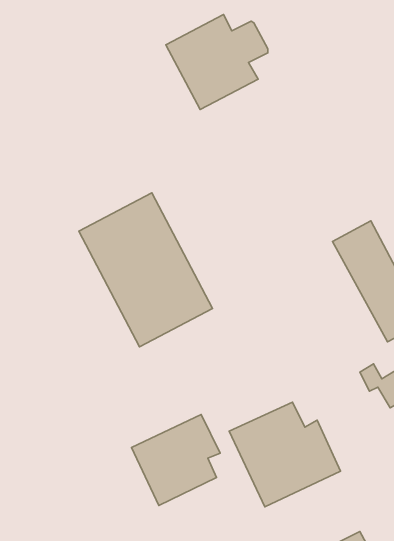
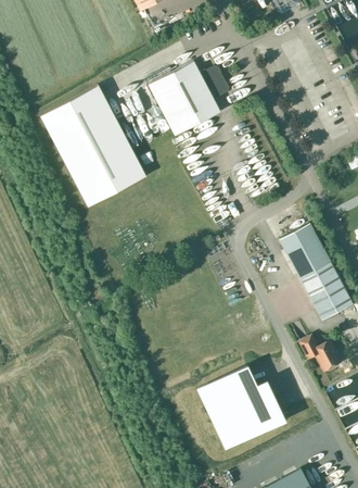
building: [79,193,212,347] -> [40,85,145,207]
building: [131,415,220,506] -> none

